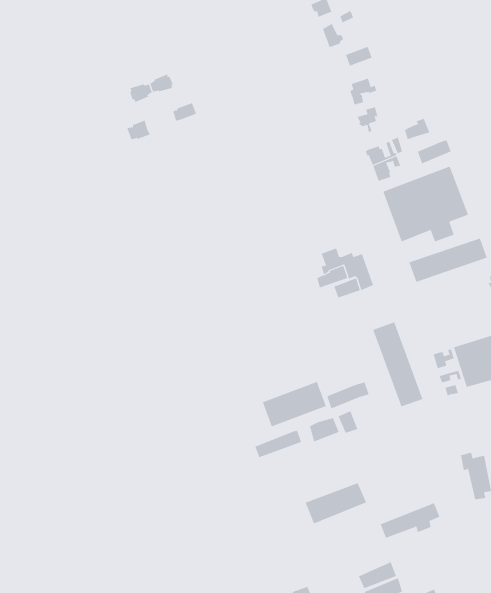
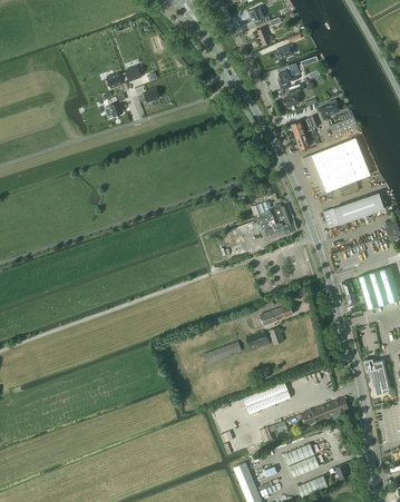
building: [372,322,423,407] -> none
building: [262,381,326,427] -> none

